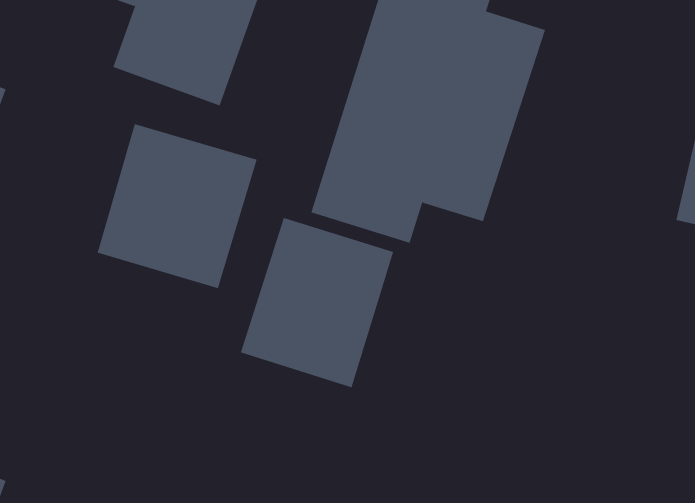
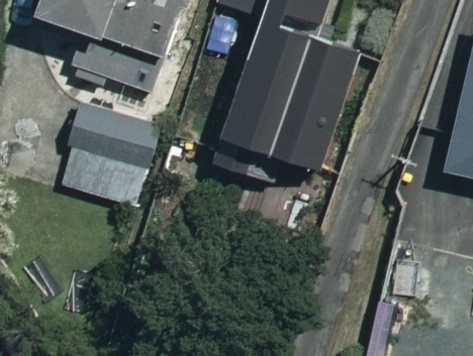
building: [240,217,394,388] -> none

